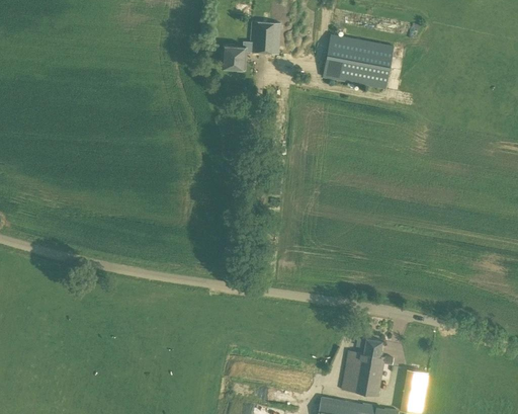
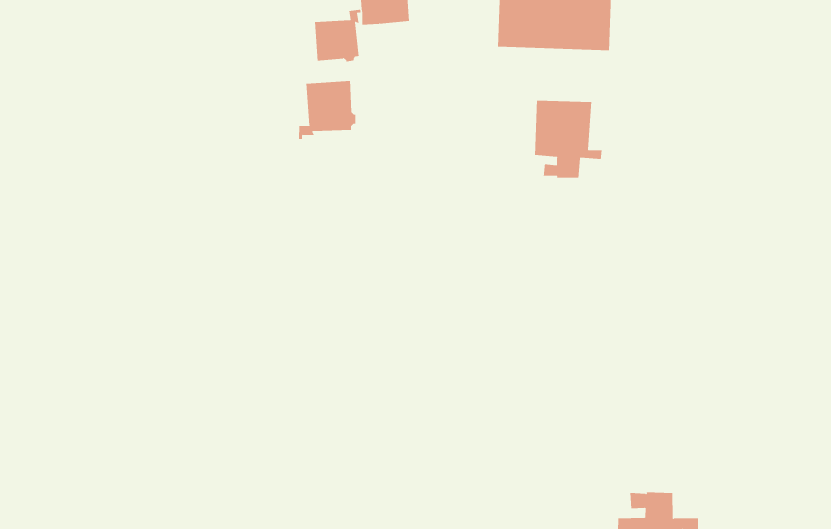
building: none -> [298,80,356,140]
building: none -> [534,100,602,179]

